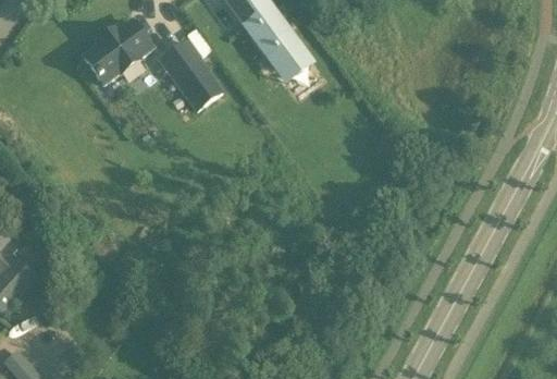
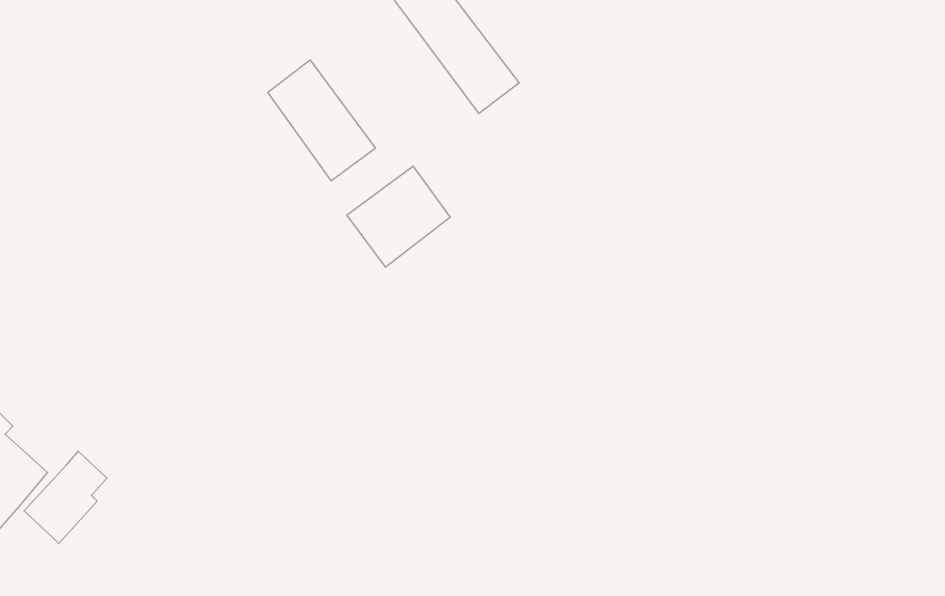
building: [82,21,150,84] -> none
building: none -> [347,166,450,267]

